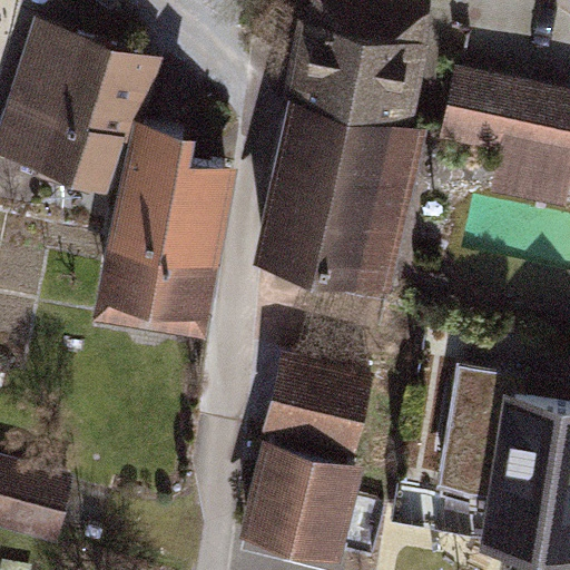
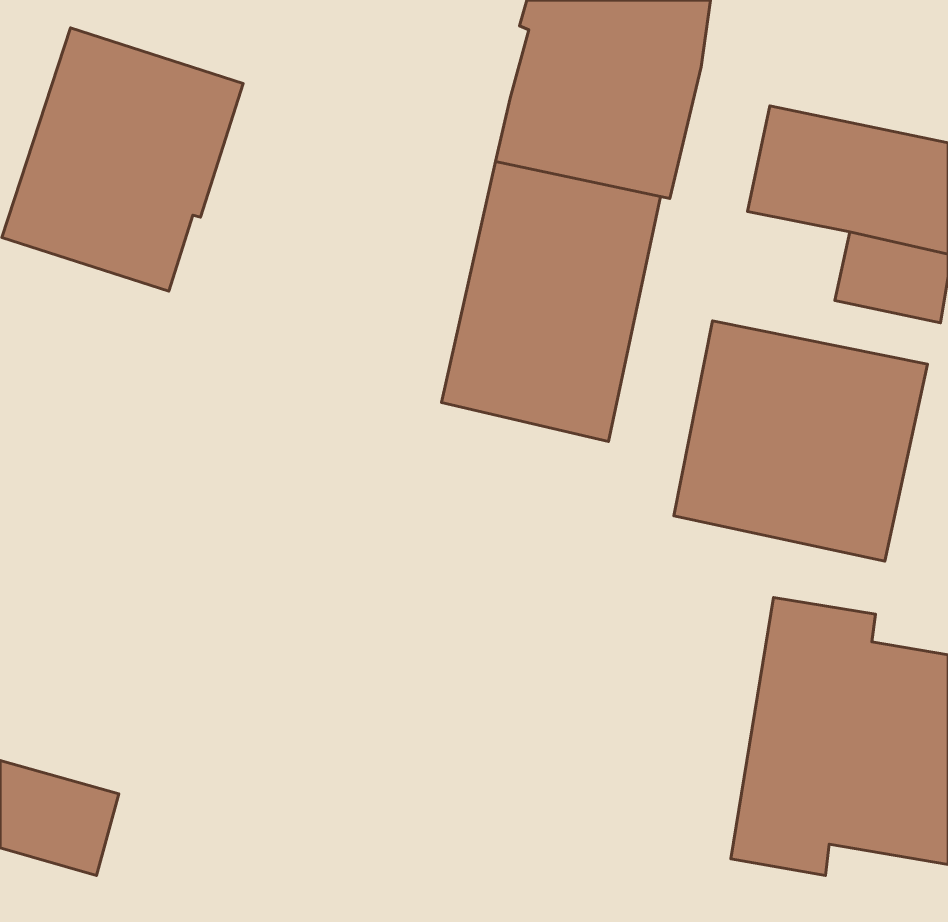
building: [112,132,228,313] -> none
building: none -> [674,321,927,561]
building: [250,373,371,559] -> none

